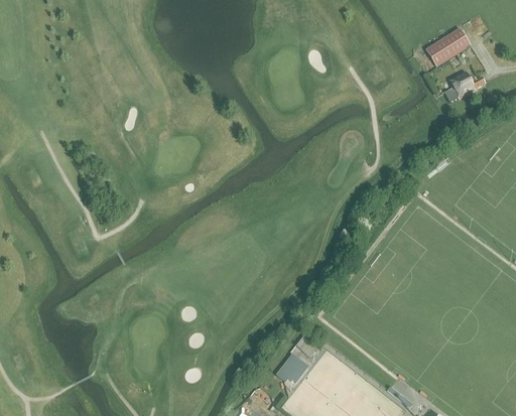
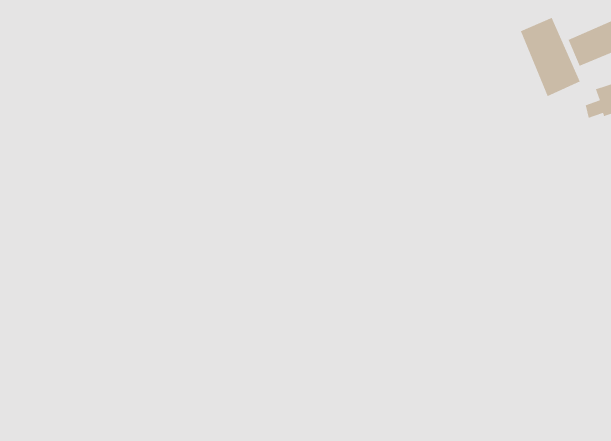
building: none -> [520,17,581,97]

